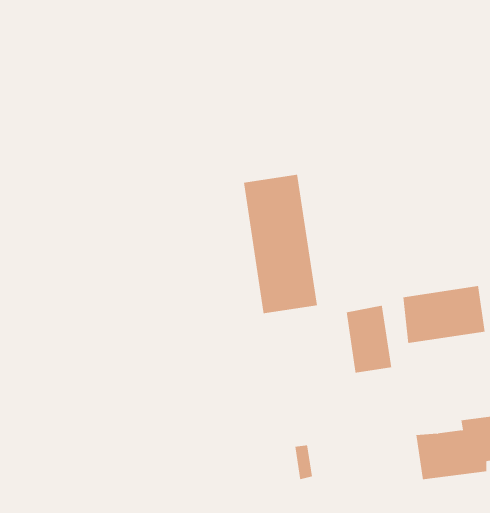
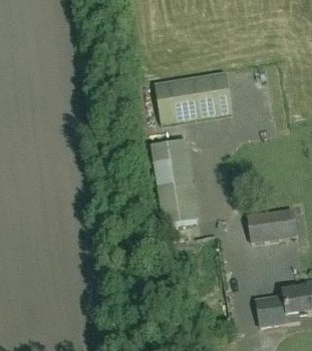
building: none -> [153,72,232,123]
building: [346,305,392,374] -> none

